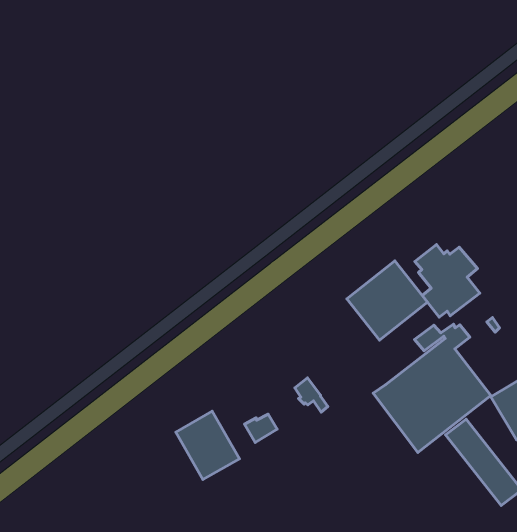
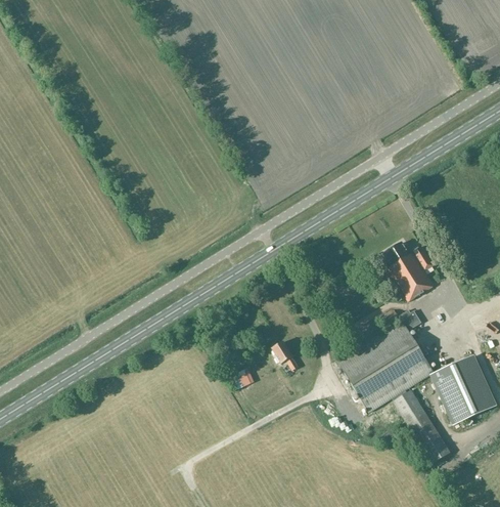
building: [347,261,428,340] -> none
building: [176,411,239,480] -> none

